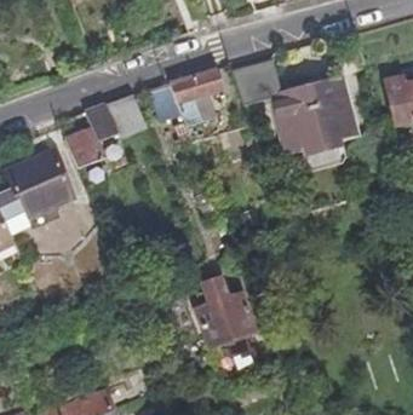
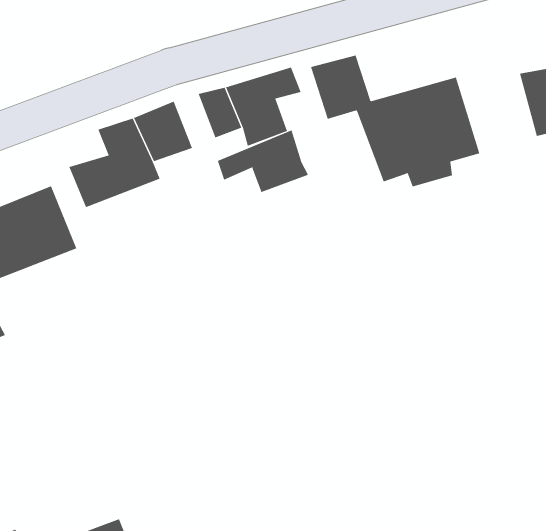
building: none -> [217,130,309,193]
building: [196,273,259,342] -> none

